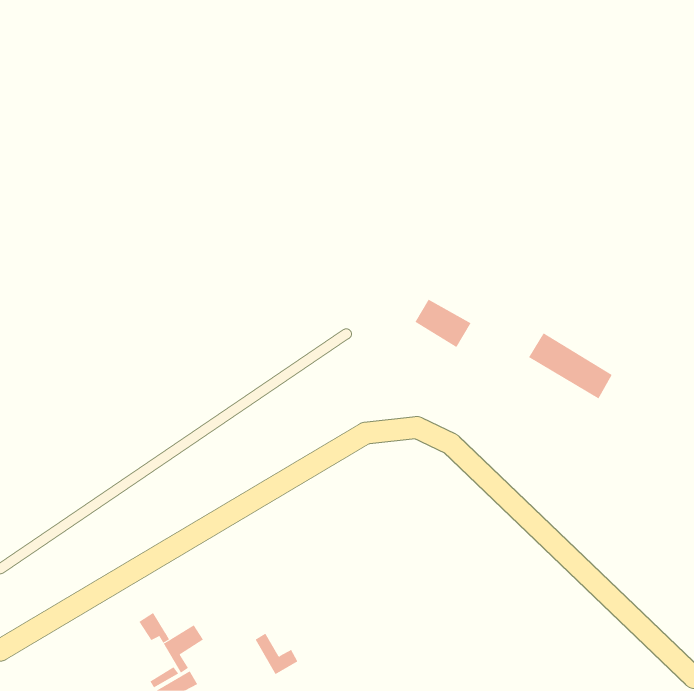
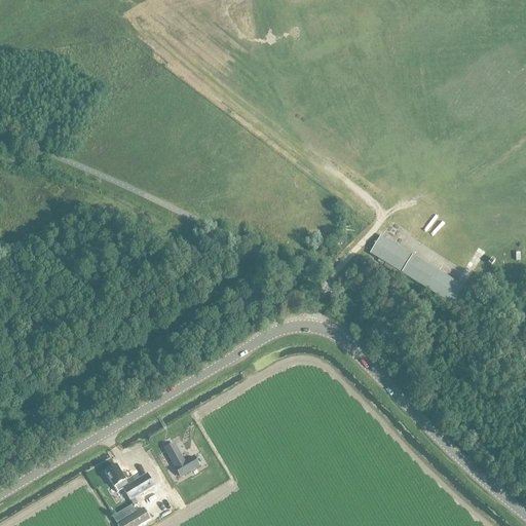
building: [415,299,472,348] -> [368,233,411,270]
building: [255,633,298,675] -> [165,443,198,475]

